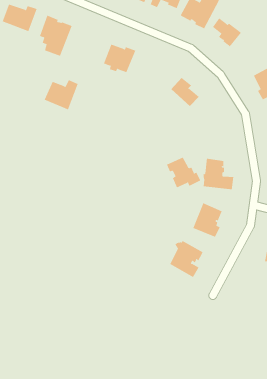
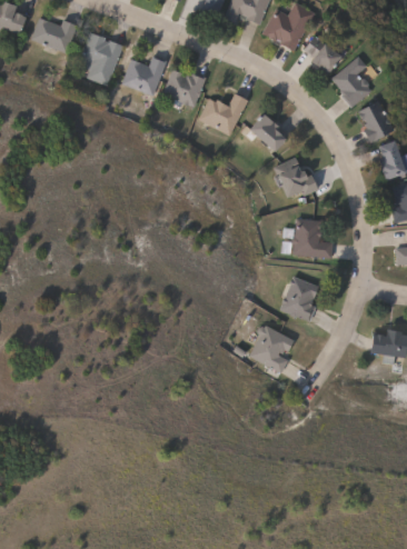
building: none -> [331,56,371,108]
building: none -> [198,92,248,136]
building: [44,79,79,110] -> [120,56,166,96]
building: [166,157,201,188] -> [274,158,319,199]

